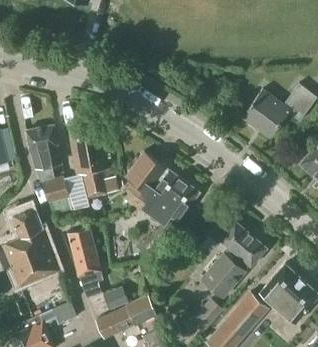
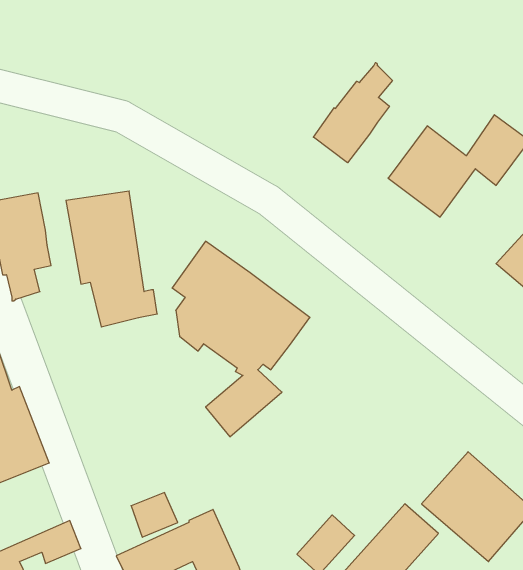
building: none -> [313,63,392,163]
building: [41,177,70,203] -> none
building: [201,222,266,298] -> none
building: [68,229,102,298] -> none

